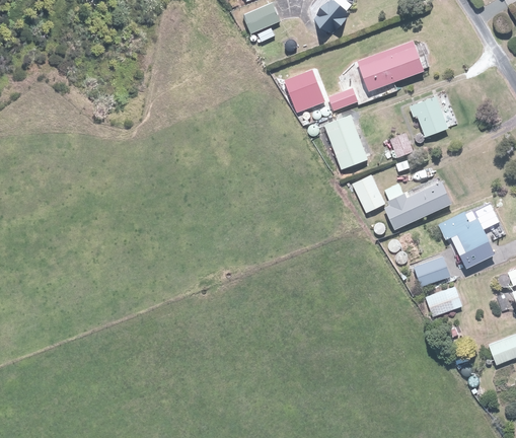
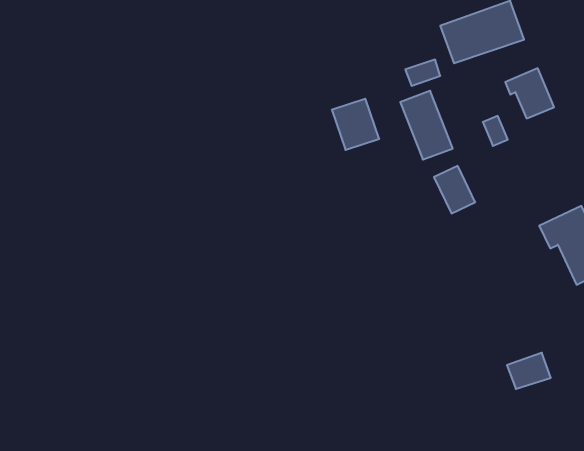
building: [286,70,324,112] -> [332,99,379,150]
building: [383,180,451,230] -> none
building: [415,256,449,286] -> none
building: [427,287,462,316] -> [507,353,551,389]

